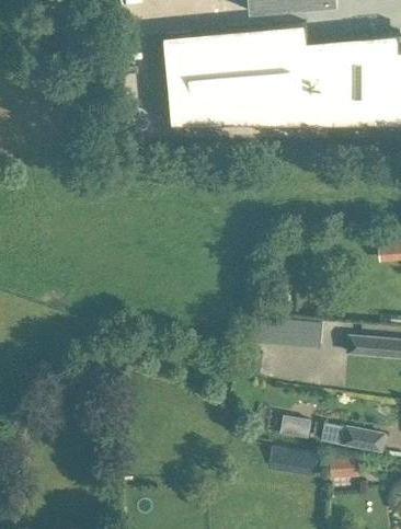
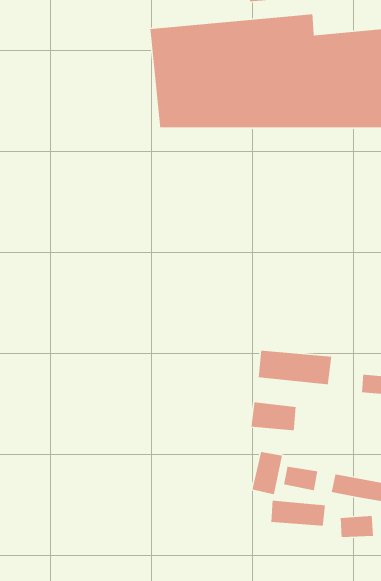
building: none -> [251,401,296,431]
building: none -> [251,451,283,495]

